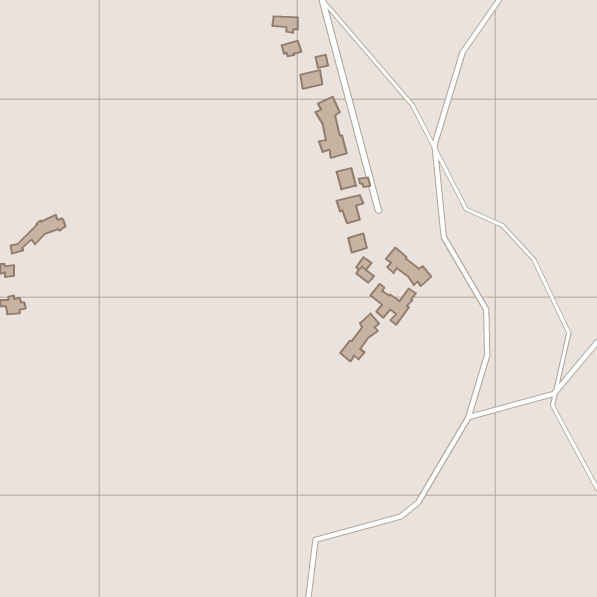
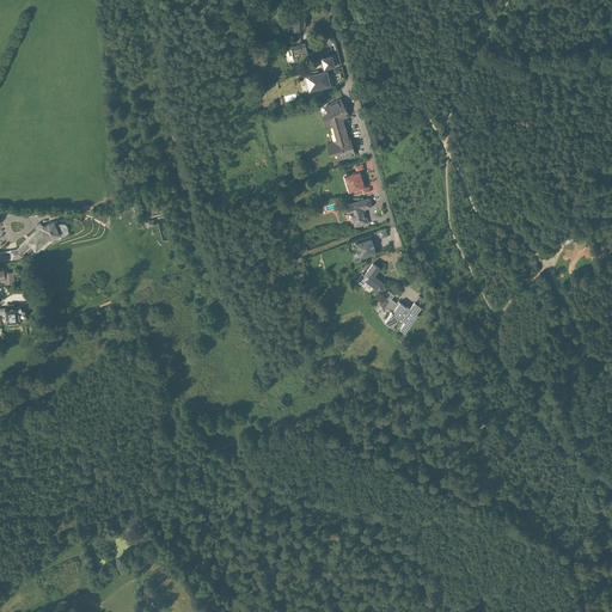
building: [386,248,431,286] -> none
building: [340,313,379,361] -> none

